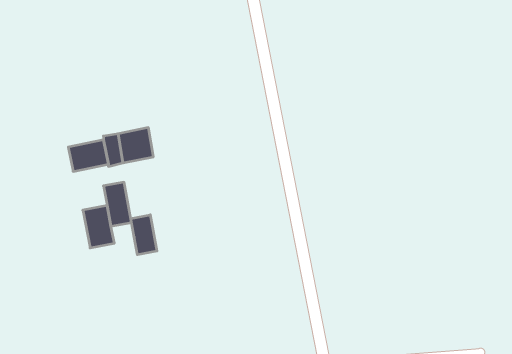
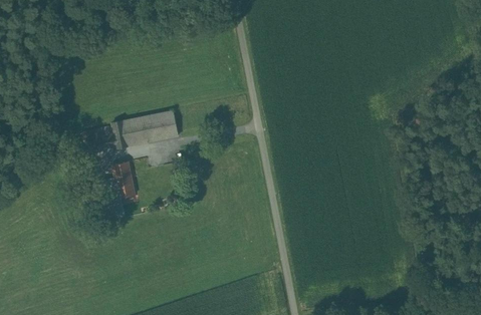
building: none -> [150,110,178,139]
building: [131,215,157,255] -> none

